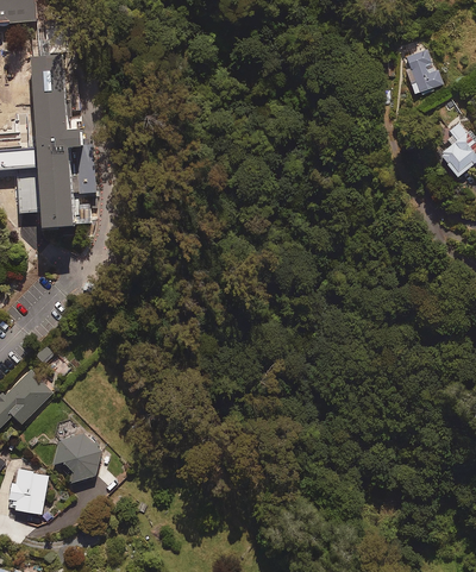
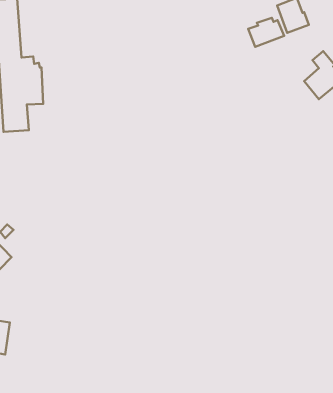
building: none -> [248,18,284,47]
building: [55,435,104,485] -> none

